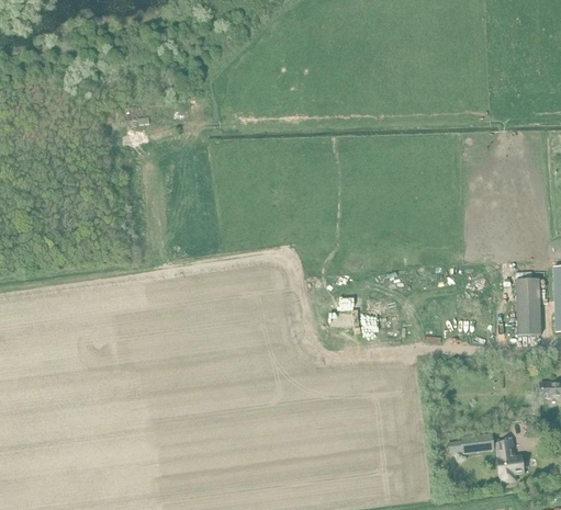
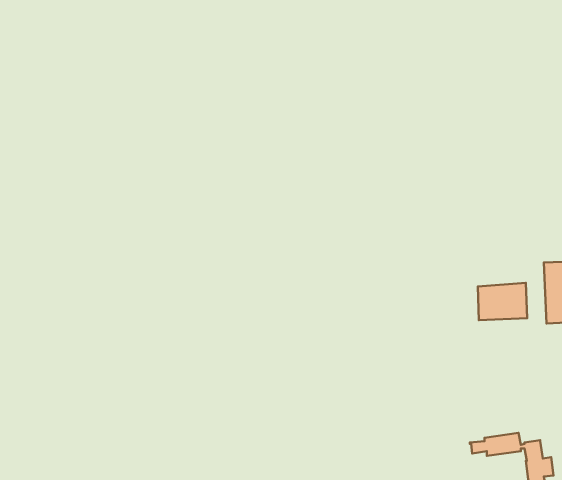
building: none -> [478,283,527,320]

